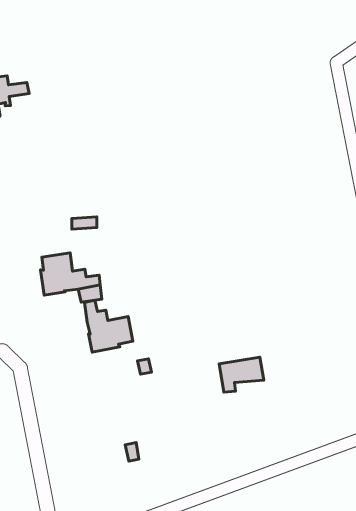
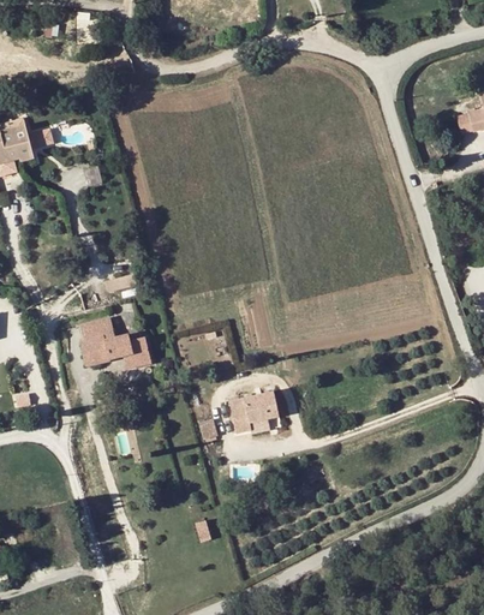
building: [84,300,133,352] -> none
building: [219,357,264,392] -> [228,393,280,436]

